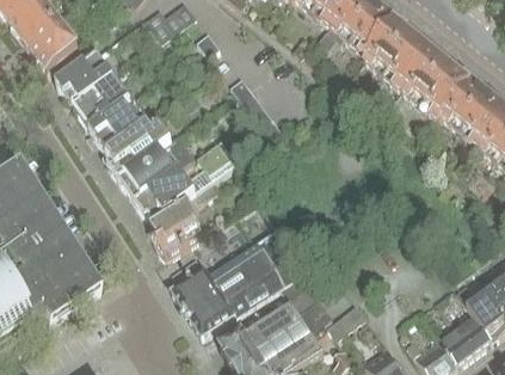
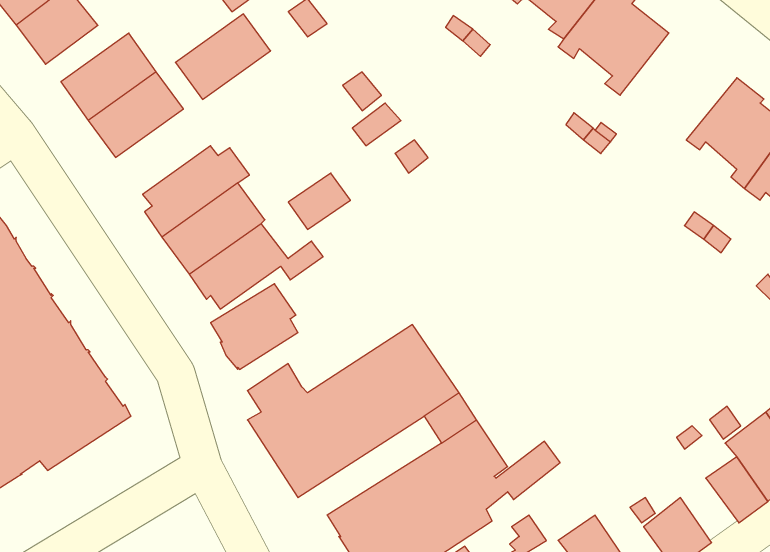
building: [400,49,472,118] -> none
building: [90,96,148,148] -> [175,14,271,99]
building: [426,315,473,362] -> none

